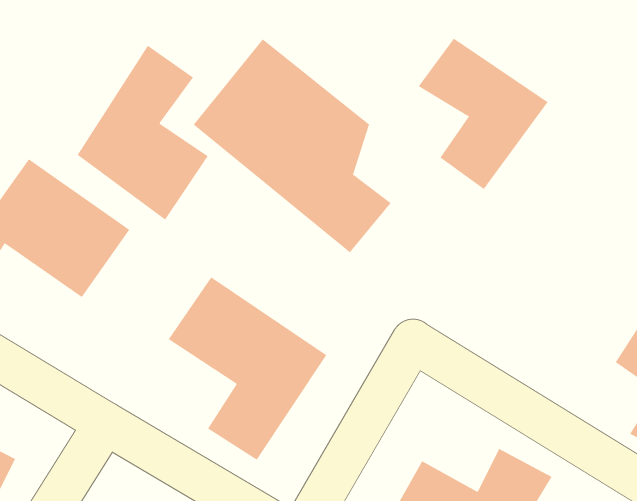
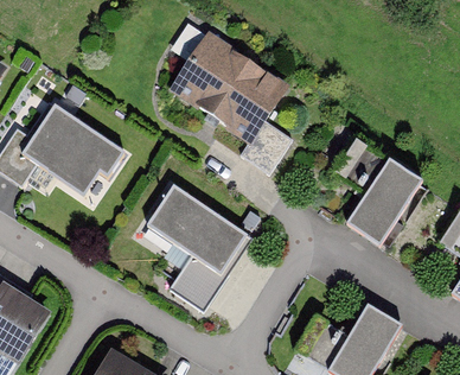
building: [418,38,548,190] -> [333,145,420,246]
building: [77,45,209,220] -> none

